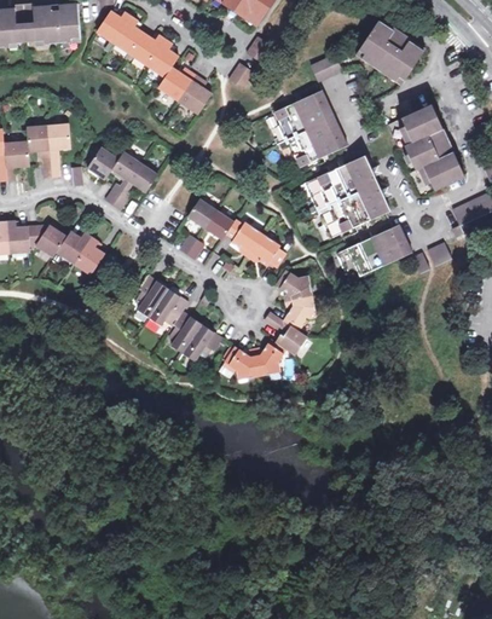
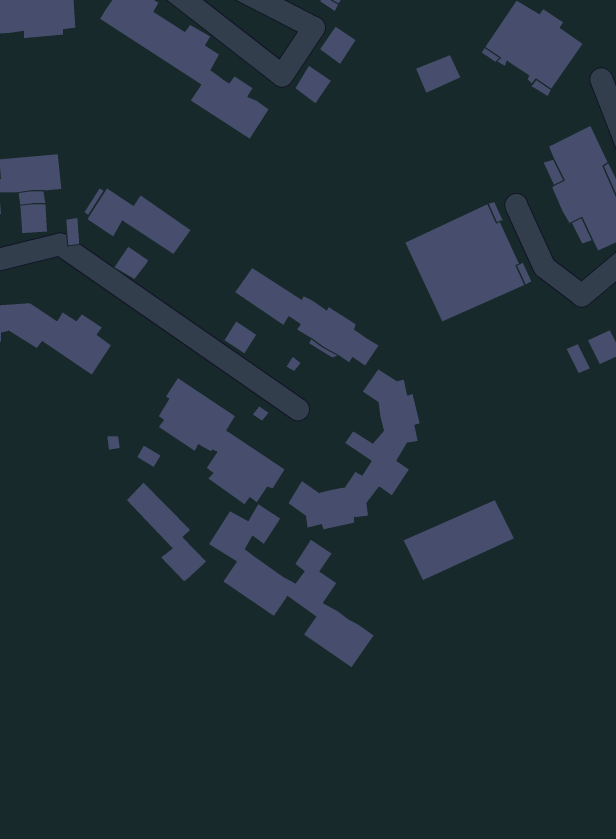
building: [276,91,347,167] -> none
building: [336,225,412,280] -> [403,499,515,581]
building: none -> [126,482,207,582]
building: none -> [208,503,375,668]

